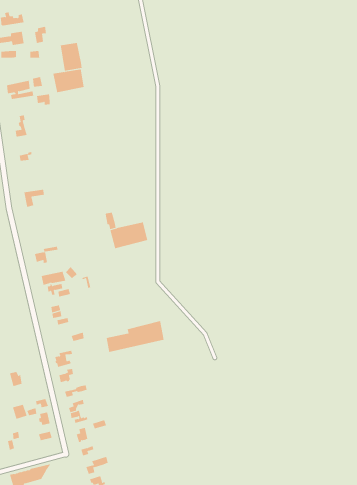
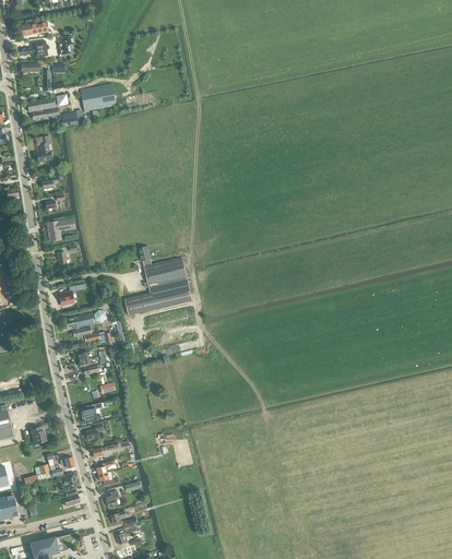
building: [60,42,82,72] -> none
building: [106,321,165,352] -> [124,277,191,313]

